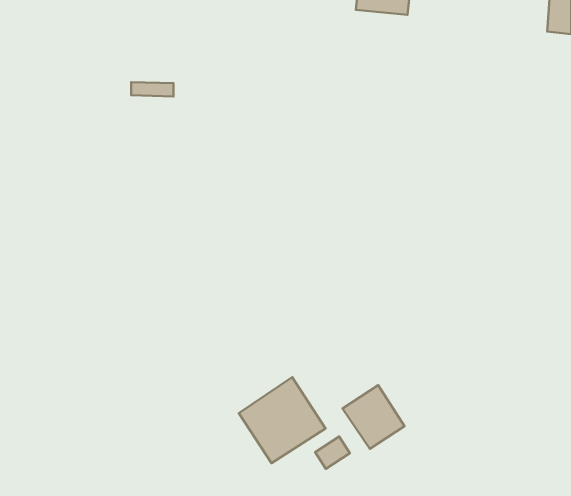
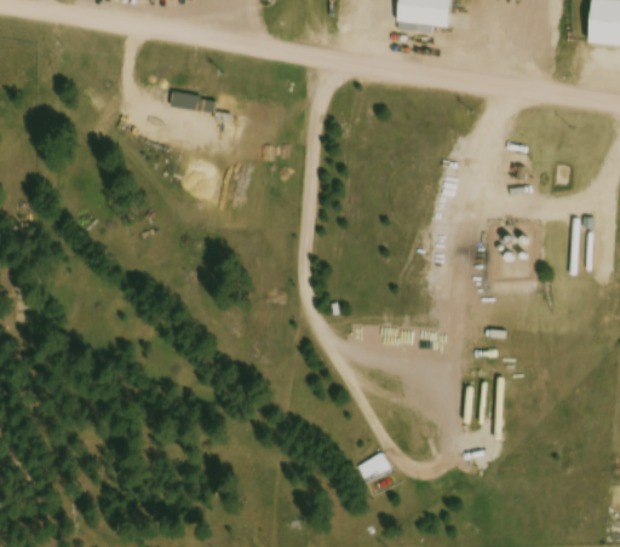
building: [239,377,325,463] -> none
building: [343,385,404,449] -> none

